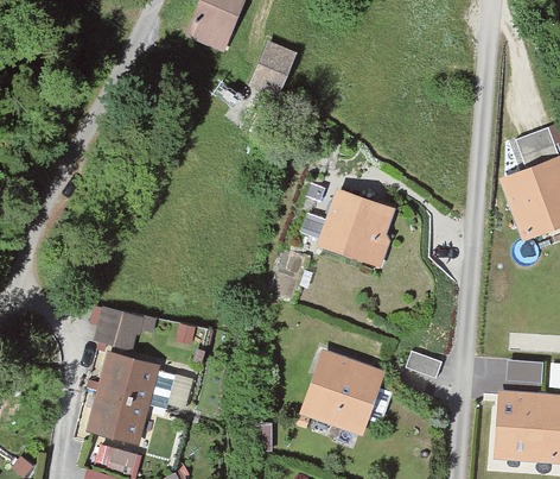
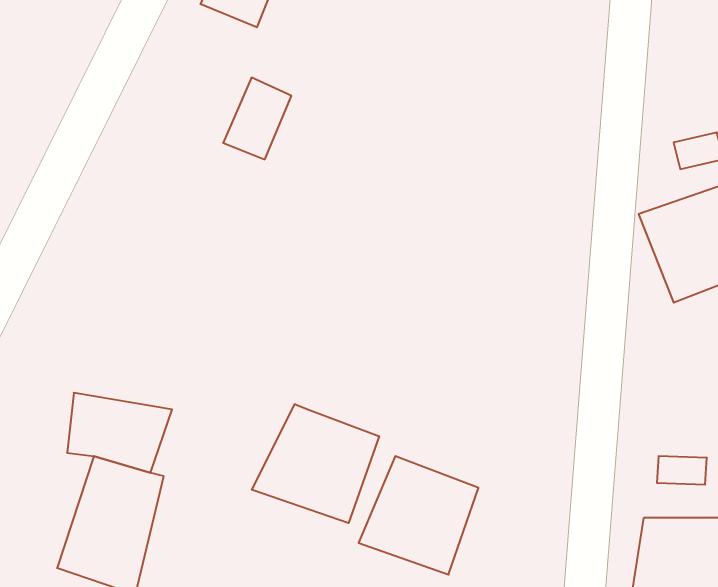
building: [249,34,298,93] -> [223,78,291,159]
building: [316,190,400,267] -> none
building: none -> [252,404,379,523]

